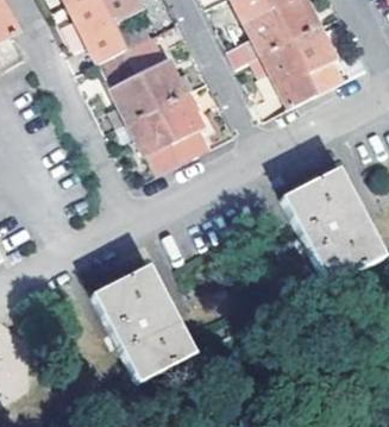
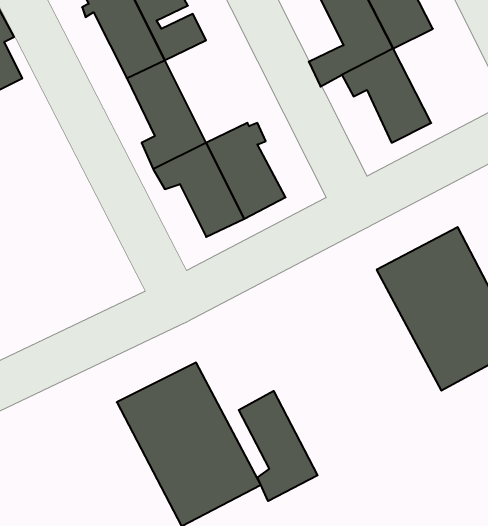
building: [291,24,347,92] -> none
building: [127,32,193,106] -> none
building: none -> [239,391,318,501]

